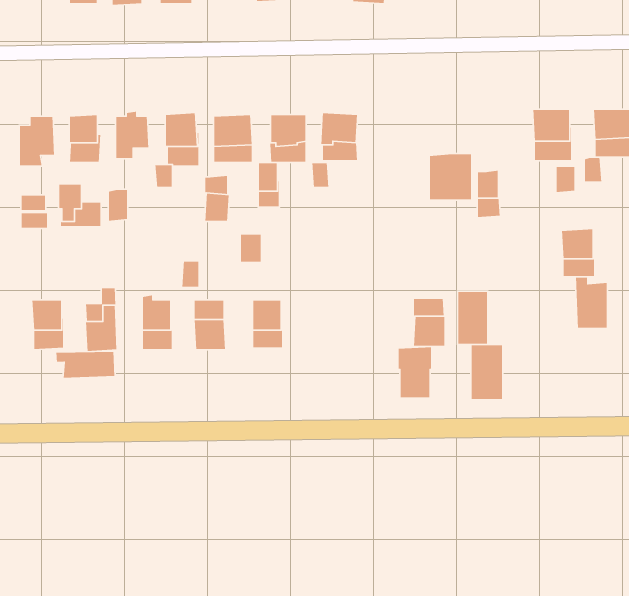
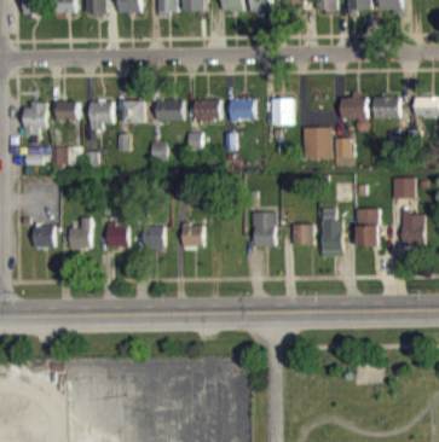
building: none -> [339,88,366,129]
building: none -> [268,97,291,123]
building: [471,345,503,400] -> [356,205,377,243]
building: [398,346,432,398] -> [252,209,275,244]
building: [56,351,115,379] -> none

